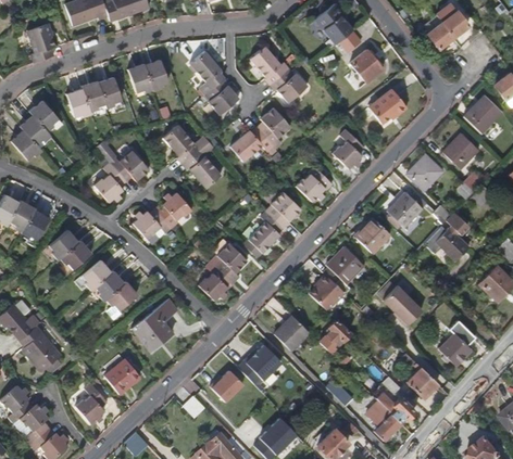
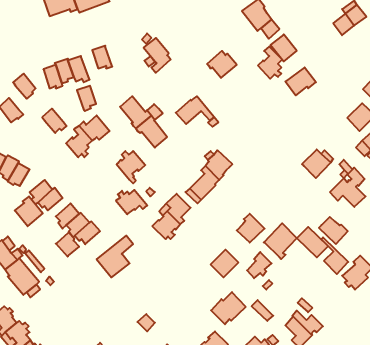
building: [26,24,53,61] -> none
building: [249,44,288,85] -> none
building: [142,58,166,89] -> [77,86,96,111]
building: [205,79,239,116] -> none
building: [257,107,290,145] -> none
building: [18,112,49,142] -> [42,109,67,133]
building: [333,129,363,169] -> [258,46,282,79]
building: [408,154,442,190] -> none
building: [296,167,333,202] -> none
building: [134,209,173,240] -> [116,190,147,214]
building: [356,217,390,252] -> none
building: [322,247,363,292] -> [264,223,297,259]
building: none -> [15,196,43,226]
building: none -> [319,217,348,244]
building: none -> [56,233,79,257]
building: [237,344,280,384] -> [211,292,246,324]
building: [403,353,437,398] -> [321,237,348,274]
building: [103,358,139,394] -> none
building: [210,370,242,401] -> none
building: [74,382,105,424] -> none

